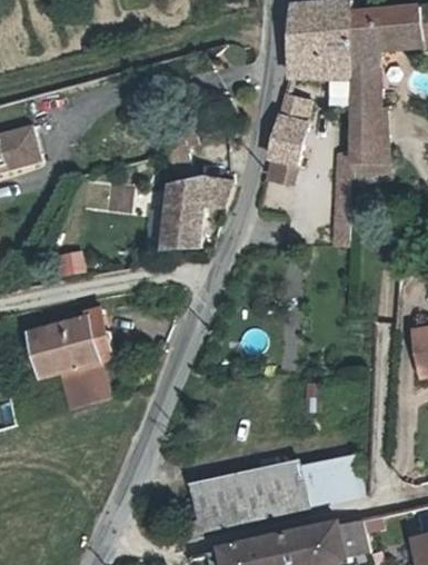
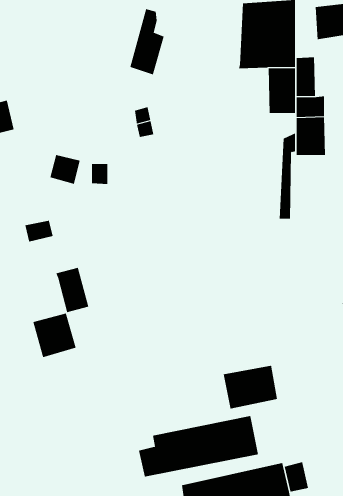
building: [354,10,377,67] -> none
building: [268,92,307,167] -> [129,9,164,75]
building: [163,171,227,247] -> none
building: [31,313,98,366] -> none
building: [305,460,366,509] -> [223,365,278,409]

